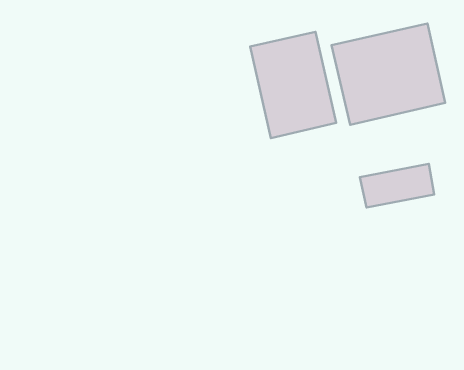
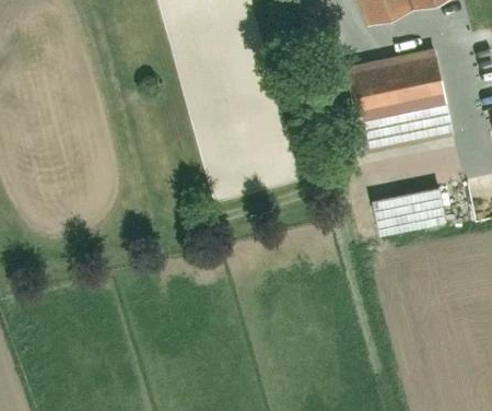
building: [250,32,336,138] -> none

